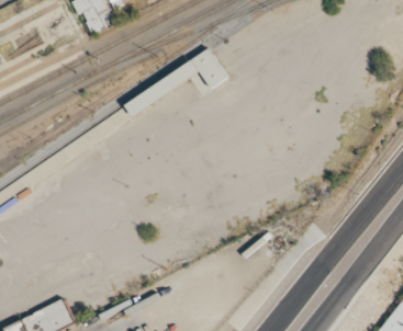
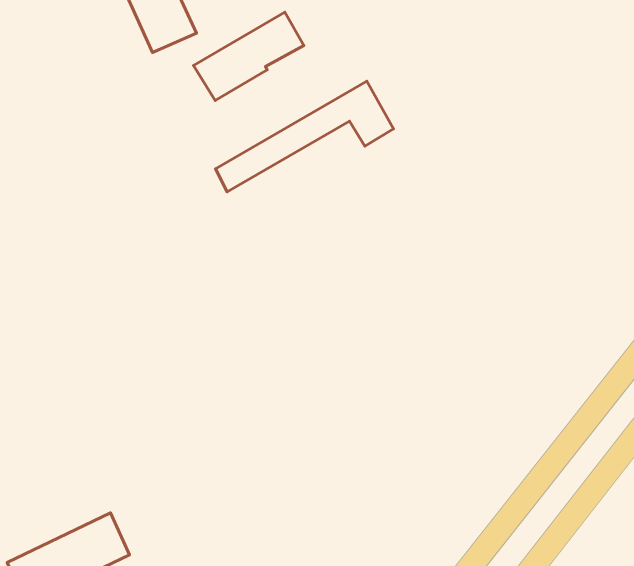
building: none -> [193,12,304,101]

